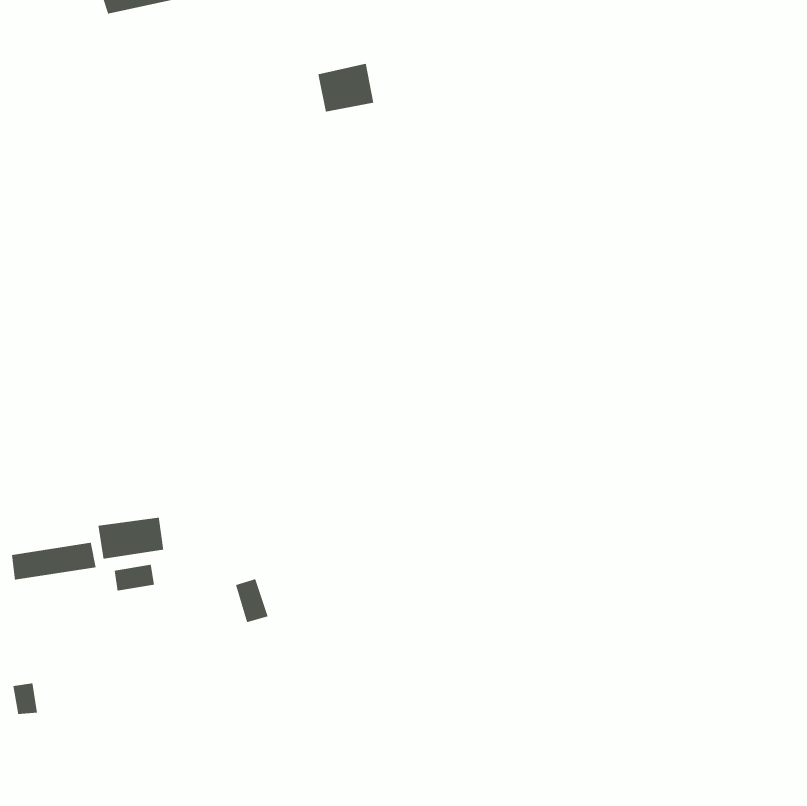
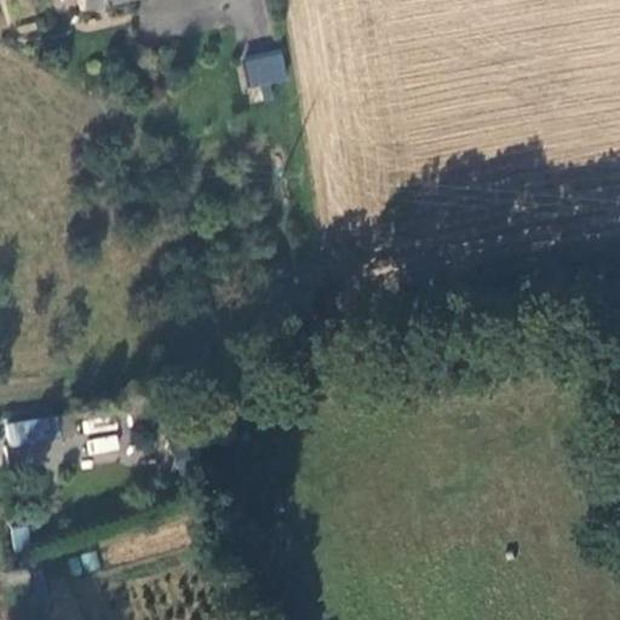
building: [98,517,164,560] -> none

